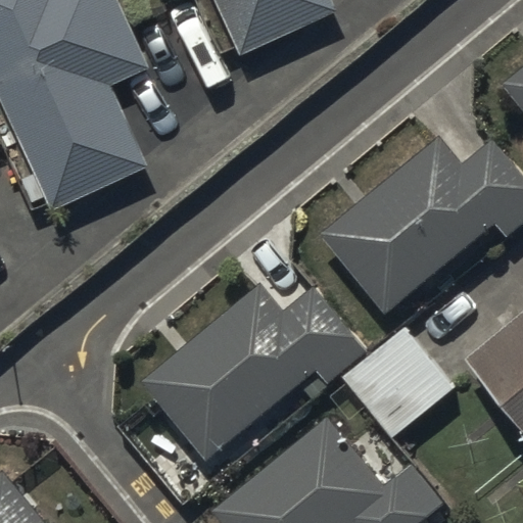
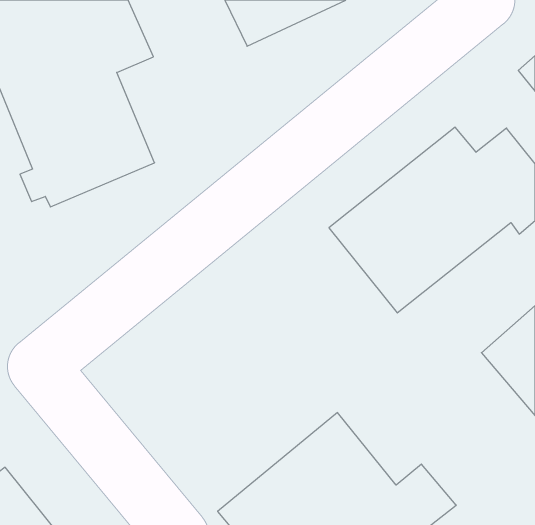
building: [140,280,365,460] -> none
building: [330,326,457,441] -> none

